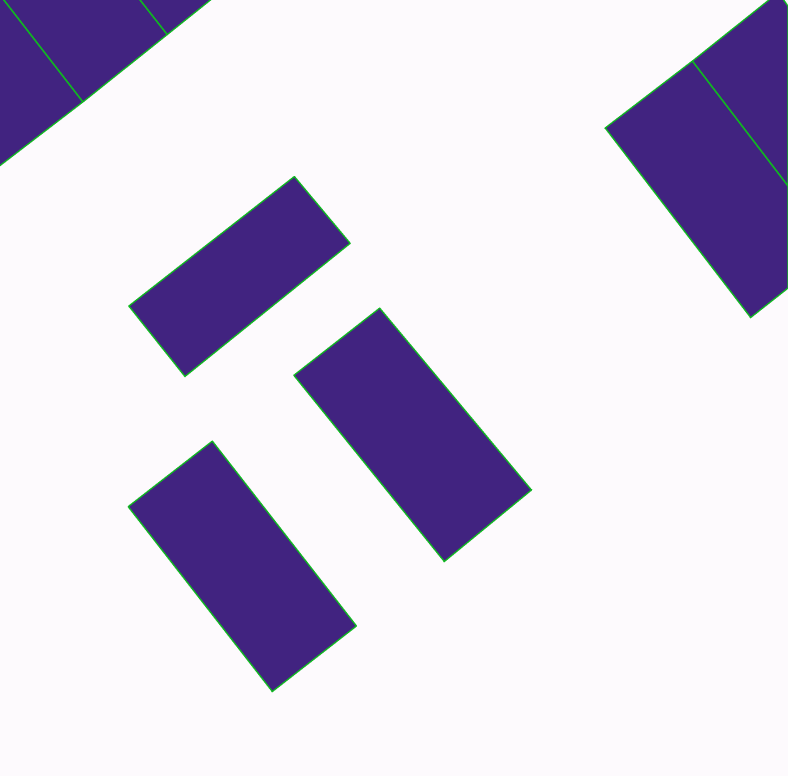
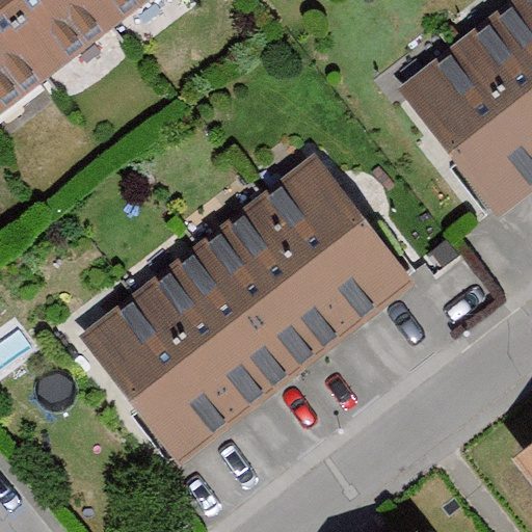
building: [129,177,350,377] -> none
building: none -> [252,160,408,325]
building: none -> [141,249,295,416]

